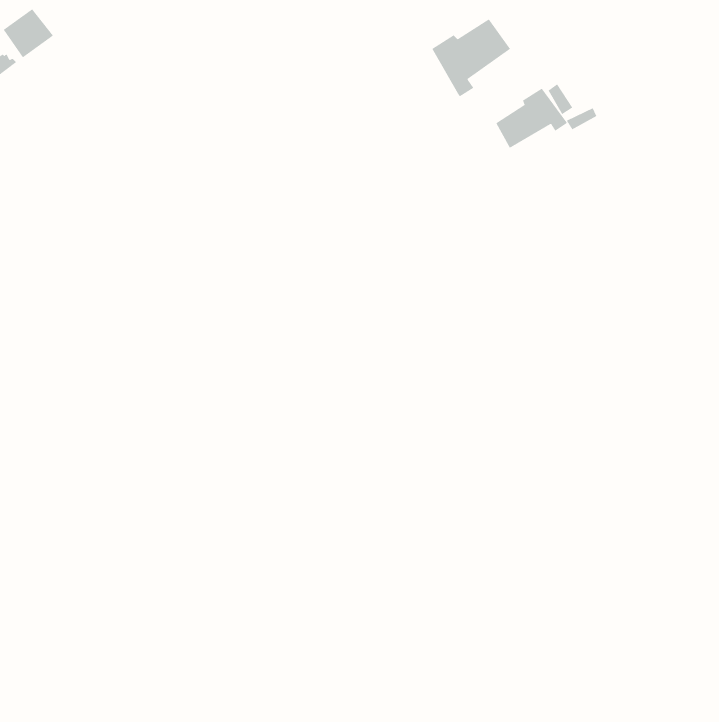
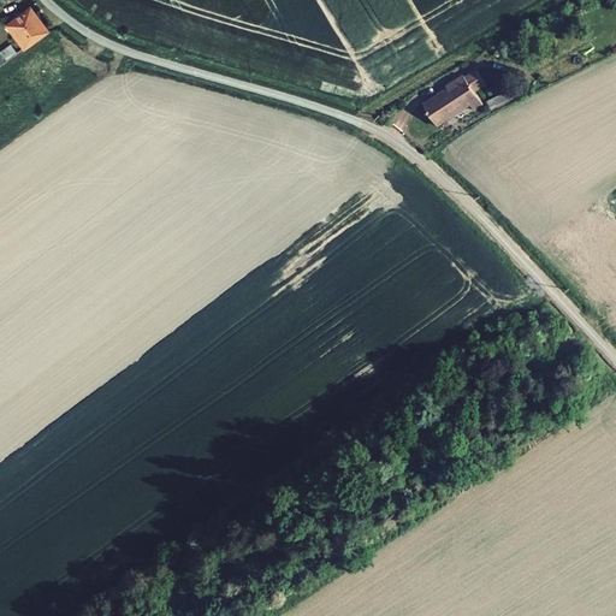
building: [432,19,511,97] -> none

